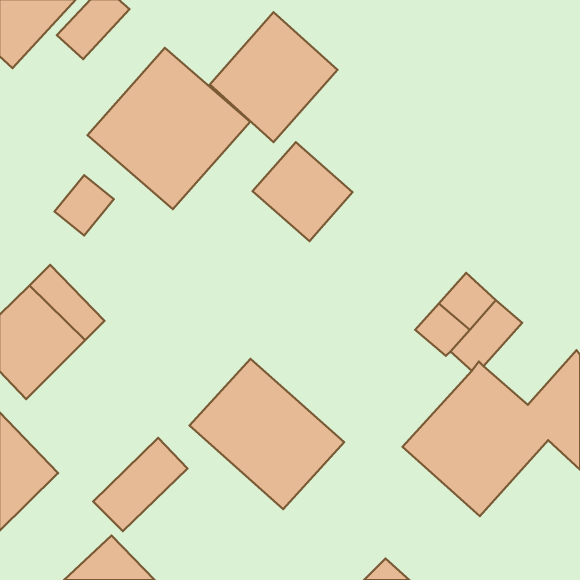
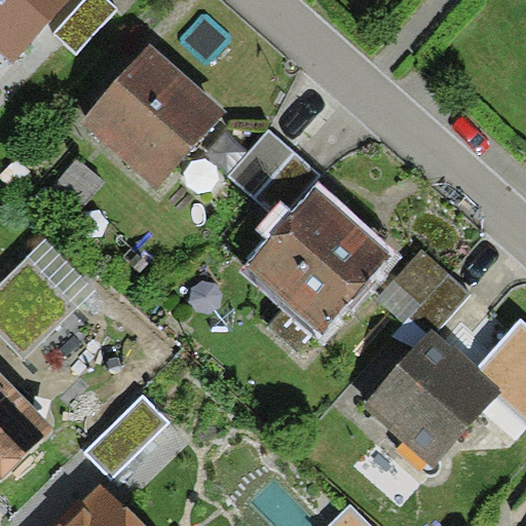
building: [210,12,338,142] -> none
building: none -> [239,185,389,336]
building: [189,359,344,509] -> none

